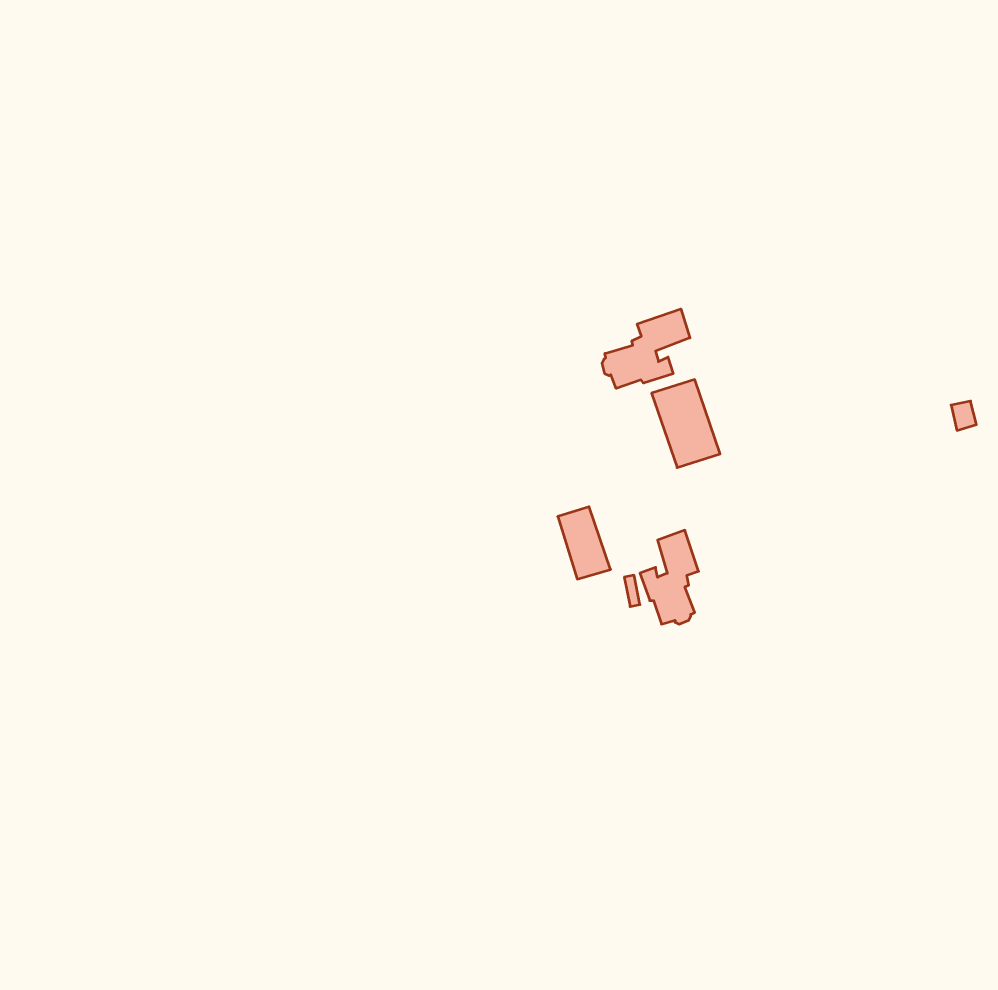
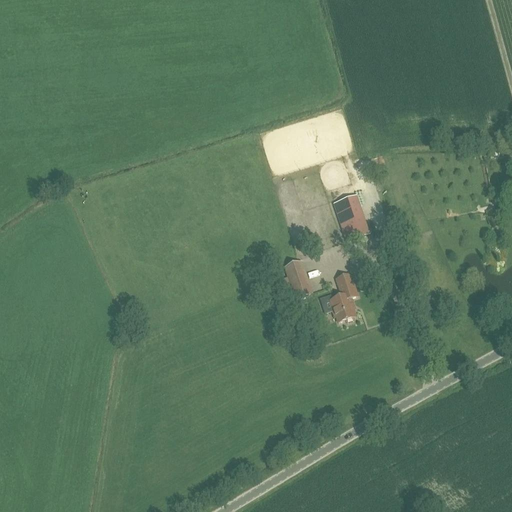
building: [602,309,690,388] -> none

